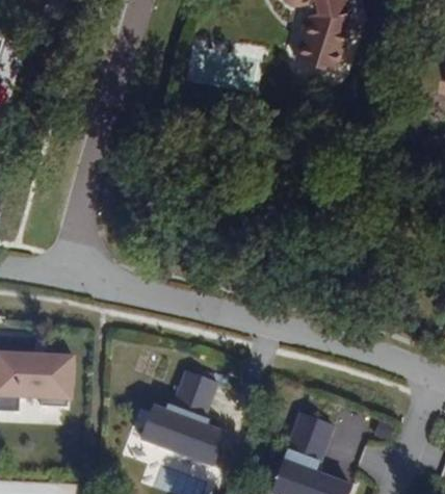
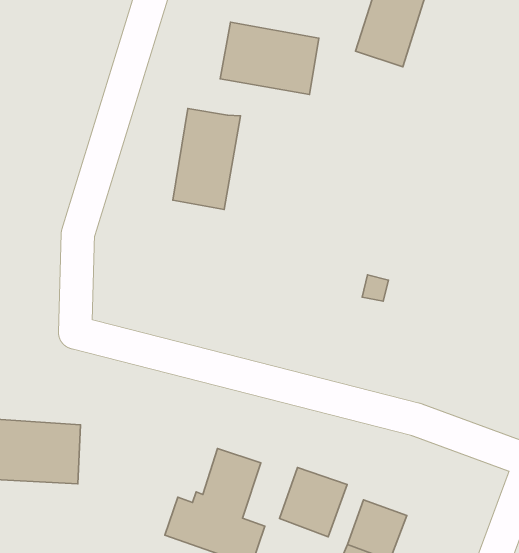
building: none -> [173,108,241,209]
building: none -> [280,468,347,537]

